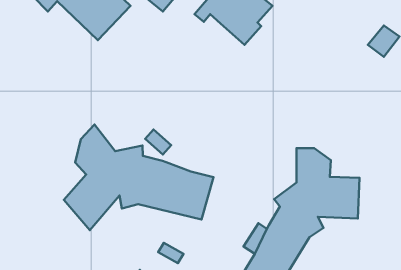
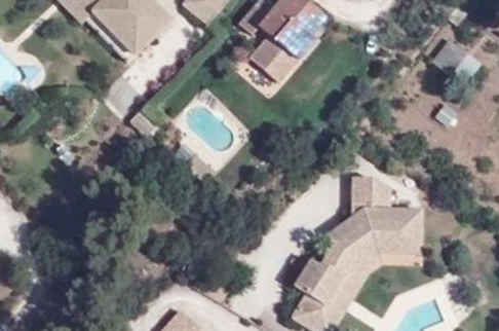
building: none -> [250,37,296,82]
building: [64,124,214,230] -> none

